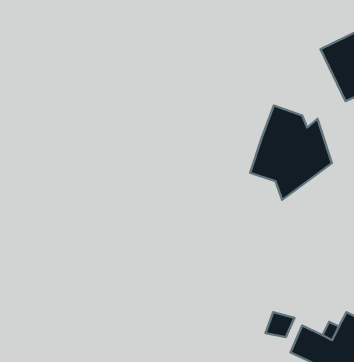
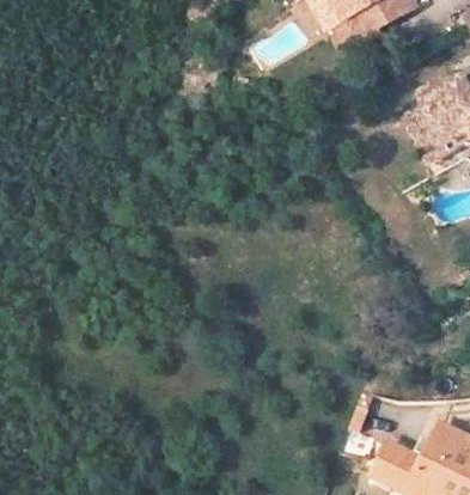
building: [250,105,332,200] -> none

